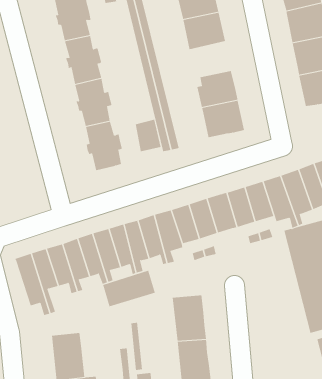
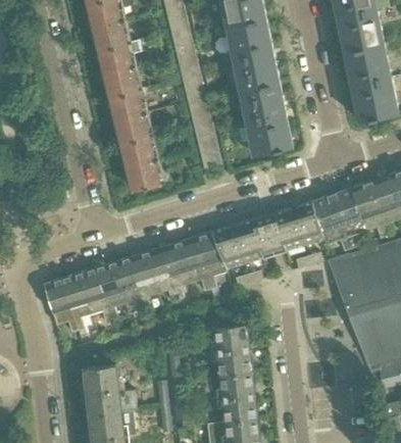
building: none -> [232,51,278,90]
building: [135,119,161,152] -> none
building: [103,270,156,307] -> none

